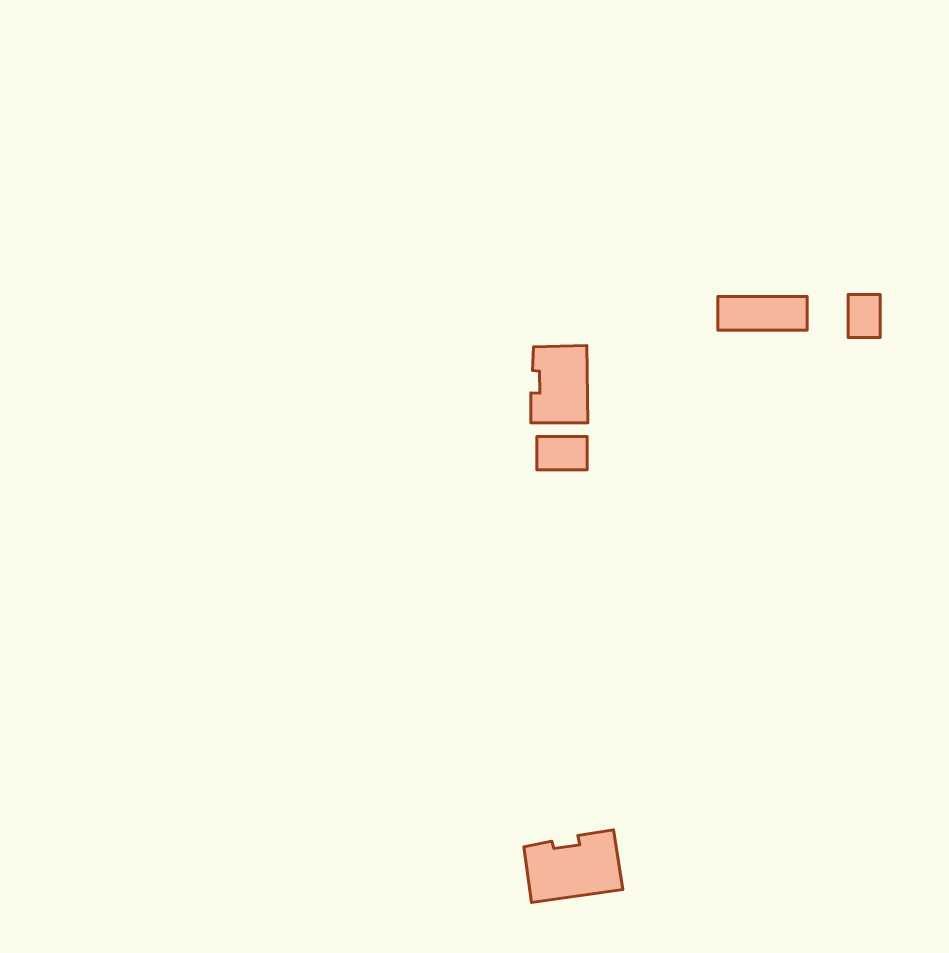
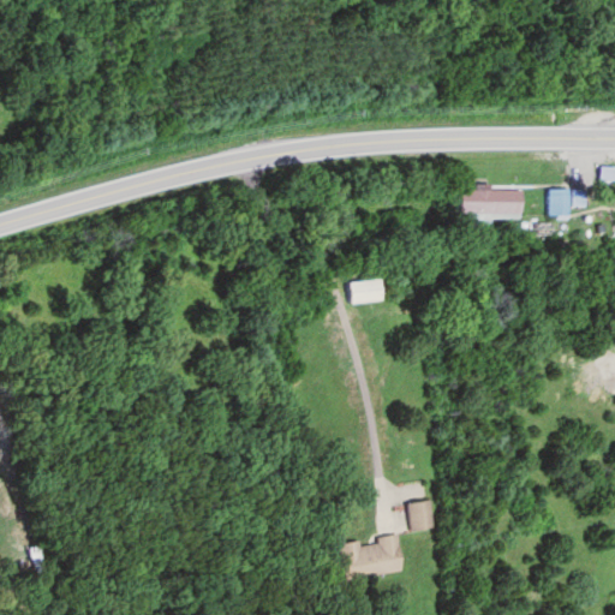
building: [531,346,588,423] -> none
building: none -> [407,501,432,532]

